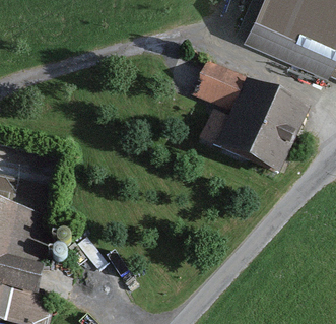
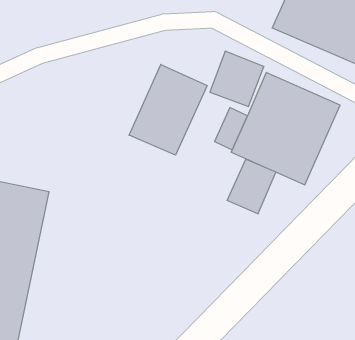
building: none -> [129,64,207,155]
building: none -> [227,159,276,214]

